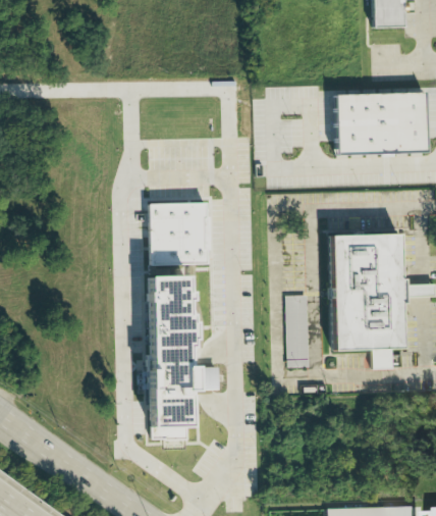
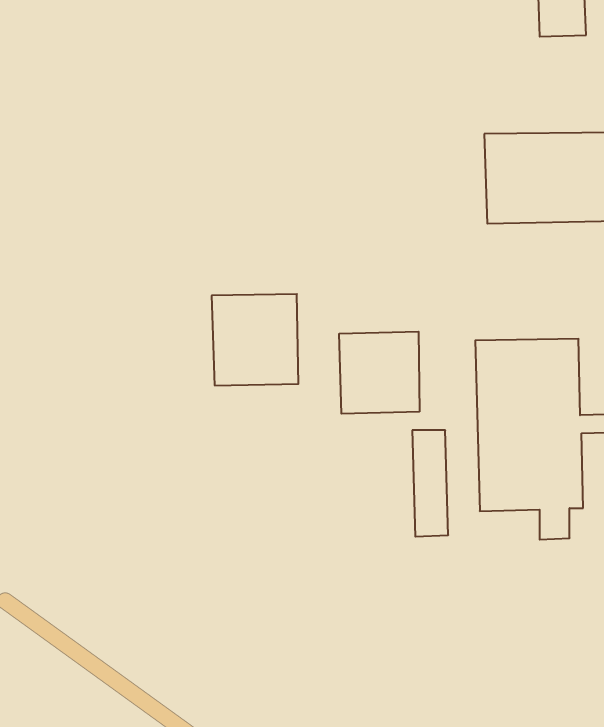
building: none -> [339,332,419,414]
building: [148,275,220,440] -> none

